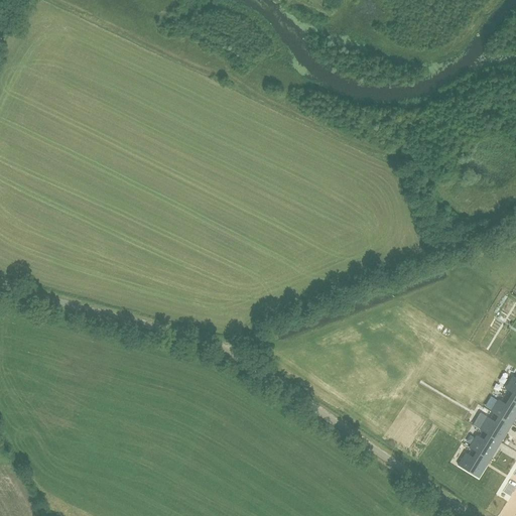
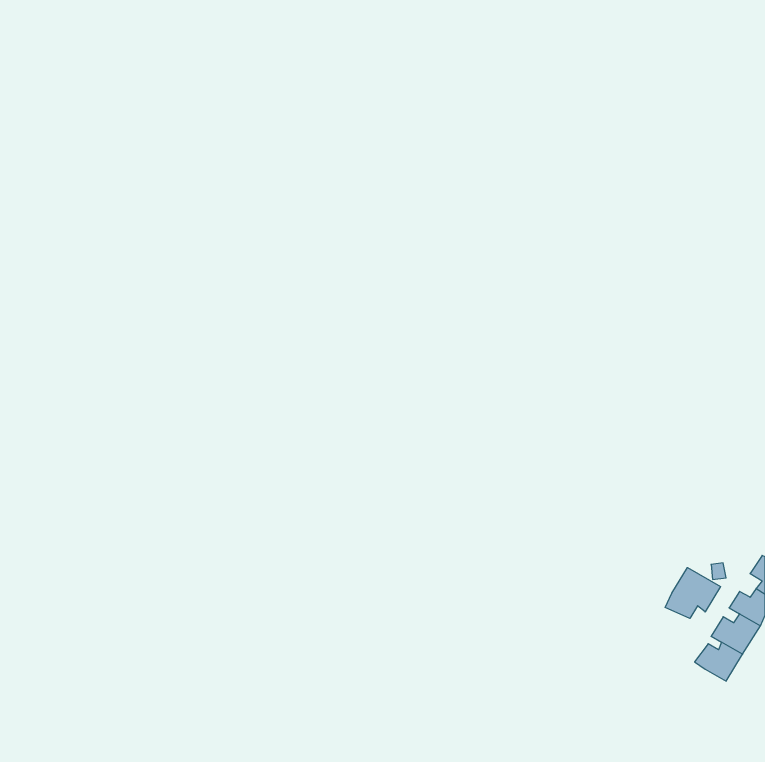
building: none -> [665,568,721,618]
building: [458,450,489,476] -> none

